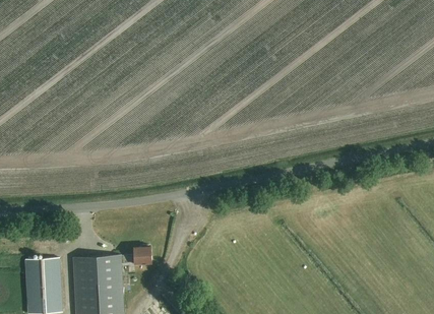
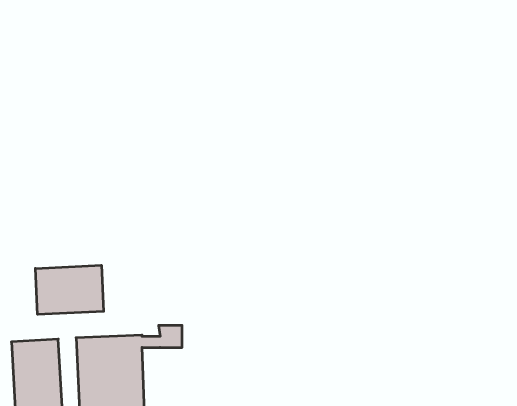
building: none -> [35,265,104,314]

